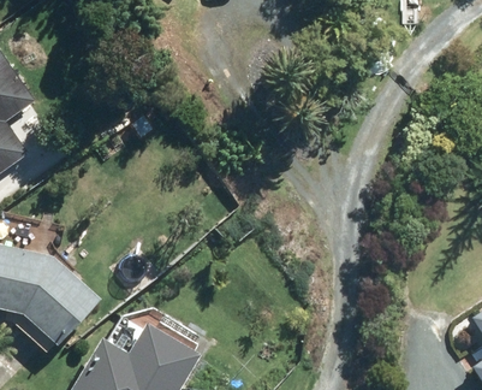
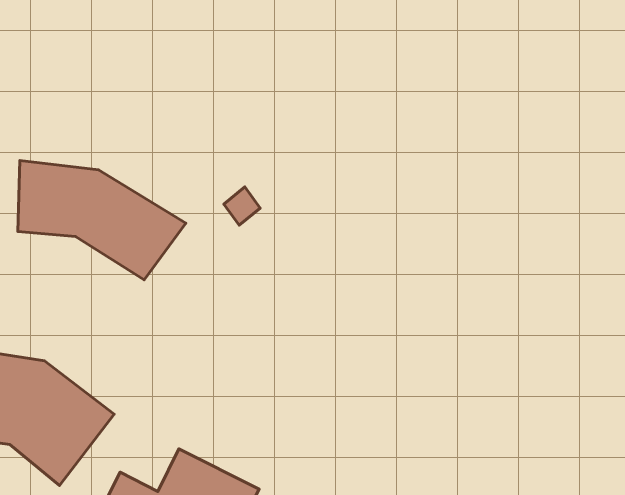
building: none -> [18,160,186,280]

